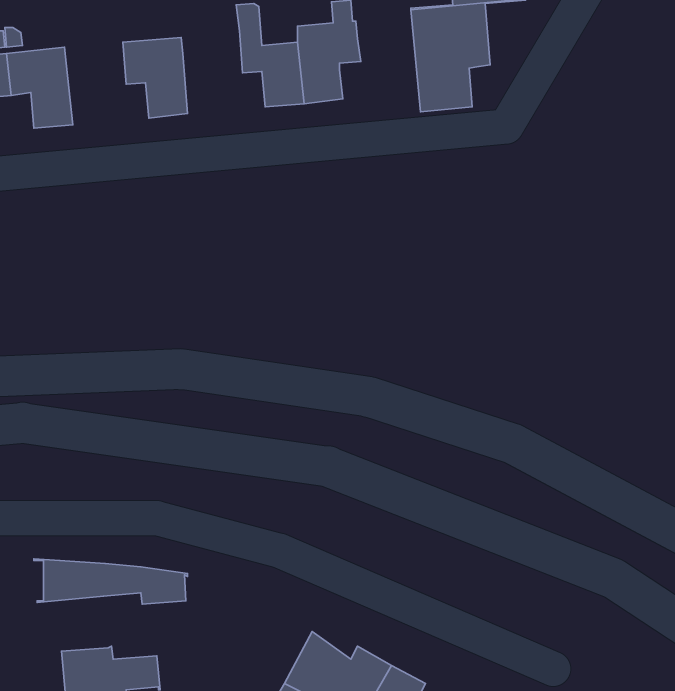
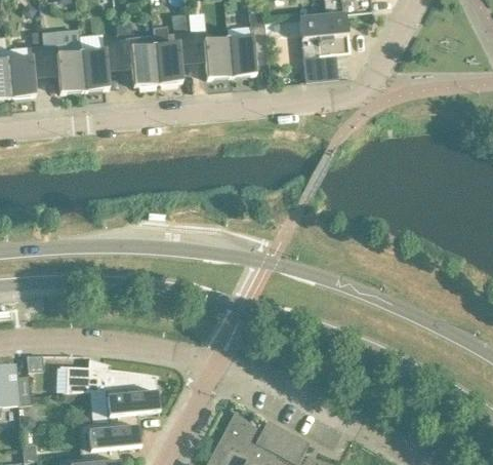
building: none -> [152,27,192,84]
building: none -> [80,39,118,91]
building: none -> [104,388,158,430]

